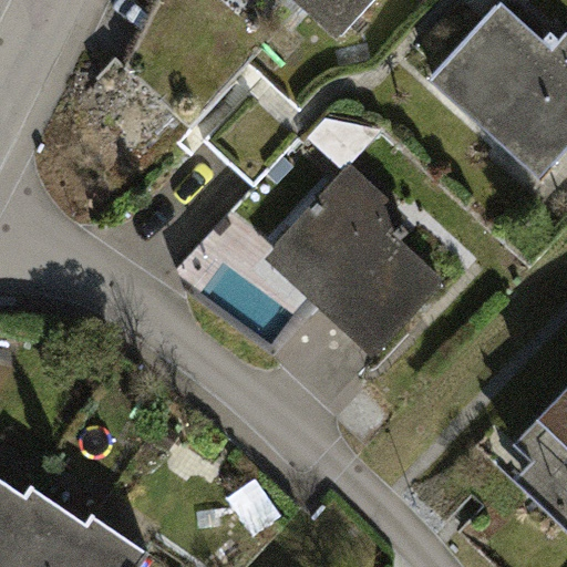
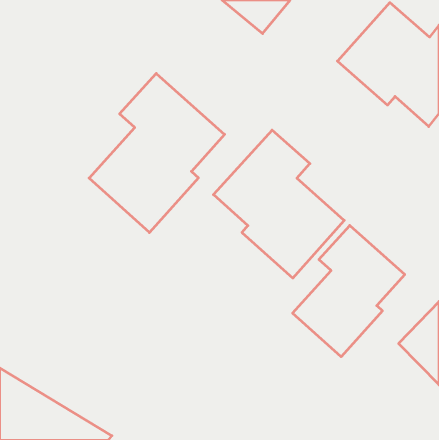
building: none -> [89,73,225,233]
building: none -> [293,225,405,357]

